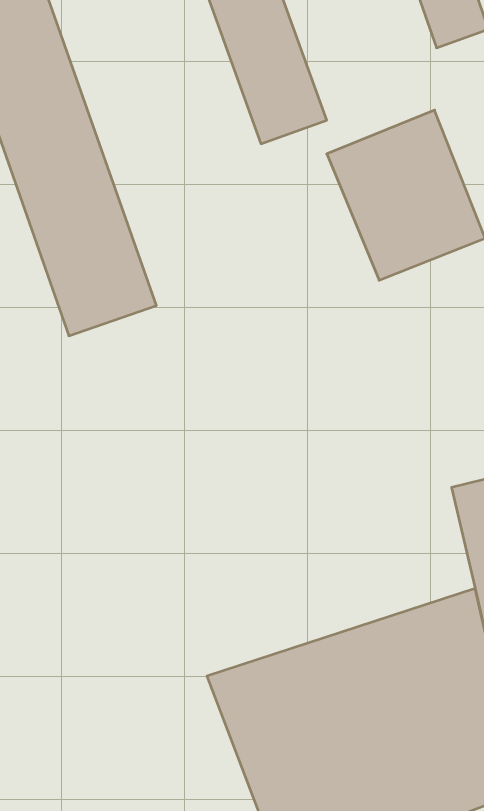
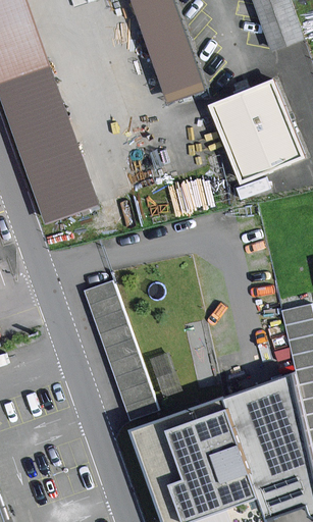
building: none -> [84,280,159,422]

